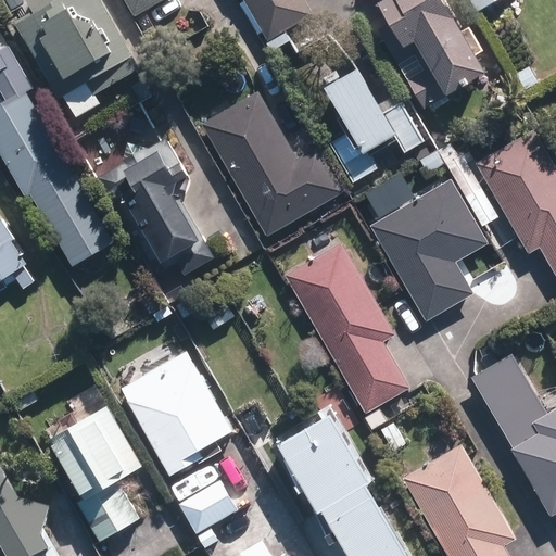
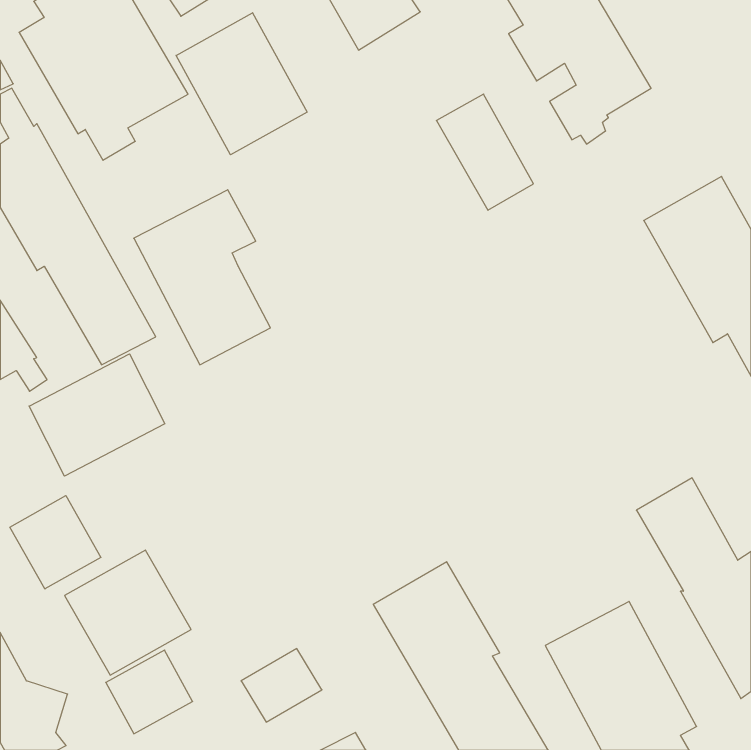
building: none -> [176,13,307,155]
building: [203,92,345,237] -> none
building: [370,178,489,321] -> none
building: [288,241,406,408] -> none
building: none -> [29,354,165,476]
building: [121,351,231,477] -> none
building: none -> [10,496,101,589]

